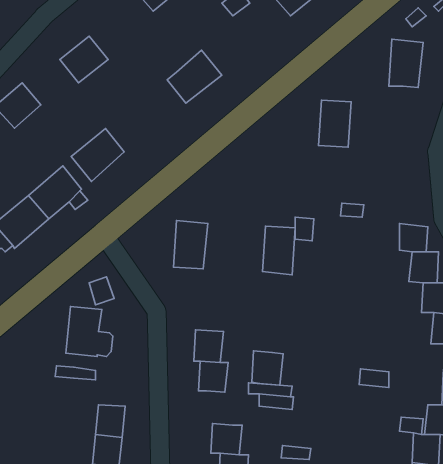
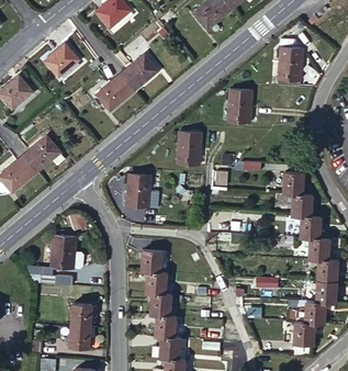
building: [71,128,124,182] -> [97,74,134,111]
building: [262,226,295,275] -> [176,131,199,165]
building: [252,351,283,385] -> [147,292,169,316]

